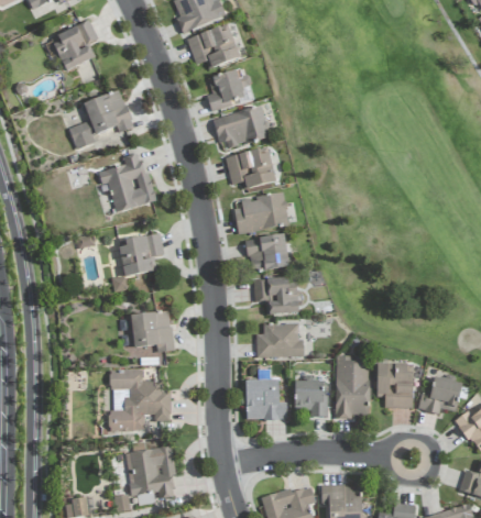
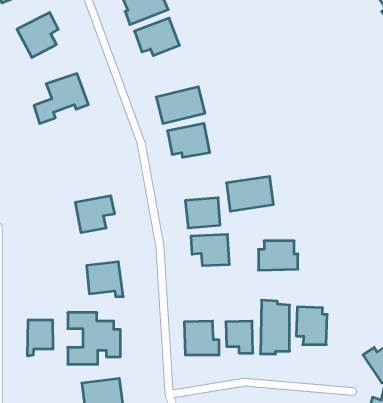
building: [206,68,254,111] -> none
building: [98,152,154,212] -> none
building: [233,192,288,233] -> [226,176,273,211]
building: [256,323,303,357] -> [258,241,298,270]
building: [417,376,462,414] -> none
building: none -> [28,320,53,356]

